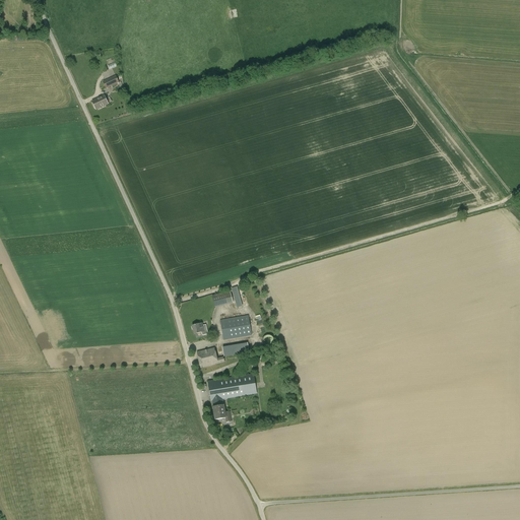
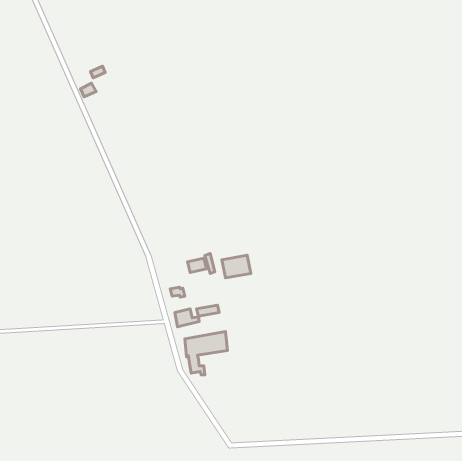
building: [218,314,251,339] -> [222,255,251,278]

